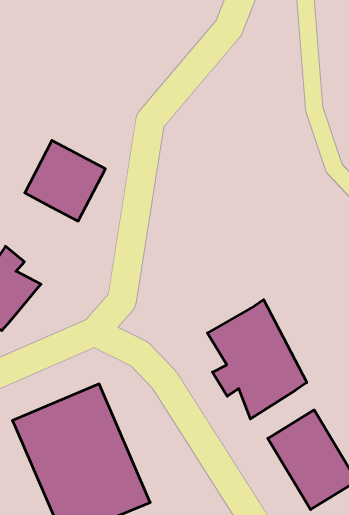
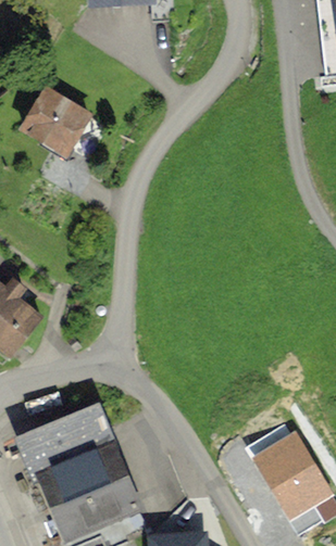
building: [25,140,105,221] -> [20,86,94,160]
building: [207,300,307,419] -> none

